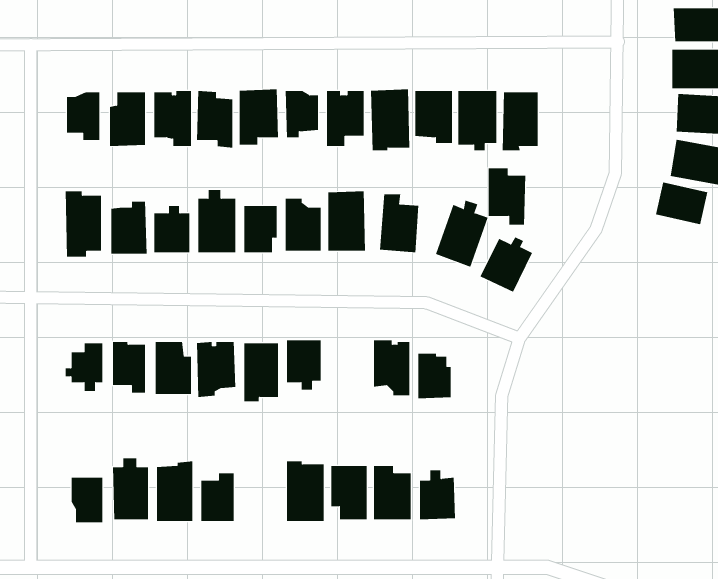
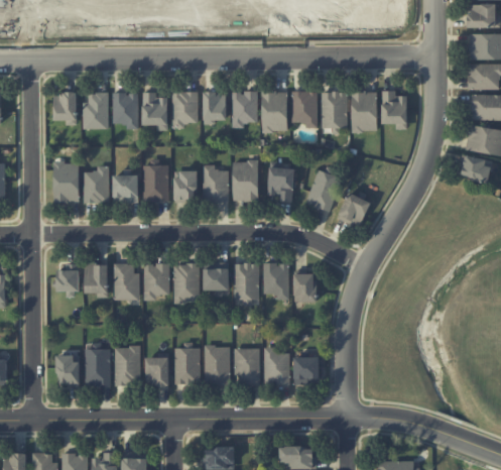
building: [488,168,526,225] -> [381,90,407,129]
building: none -> [234,264,258,306]
building: none -> [174,342,200,384]

